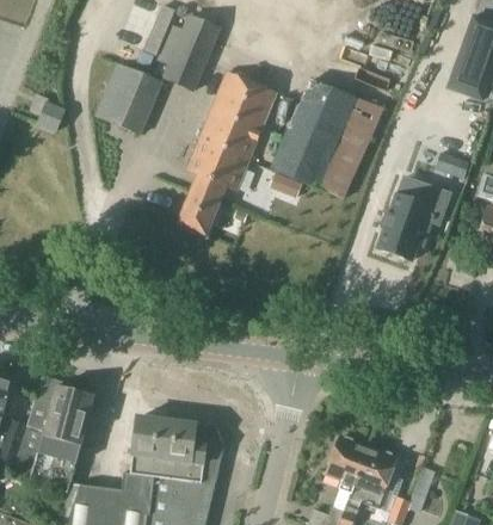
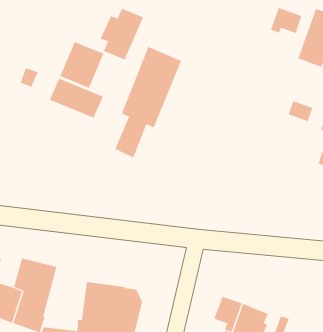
building: none -> [270,7,302,34]
building: [272,78,383,198] -> none
building: none -> [49,78,104,119]
building: [375,177,454,264] -> none

